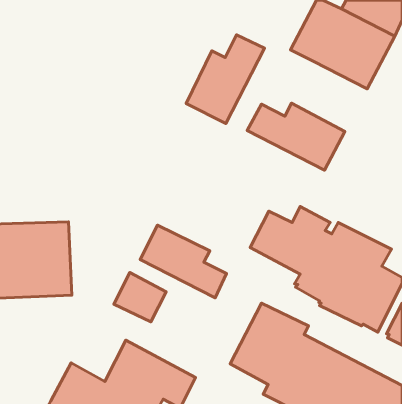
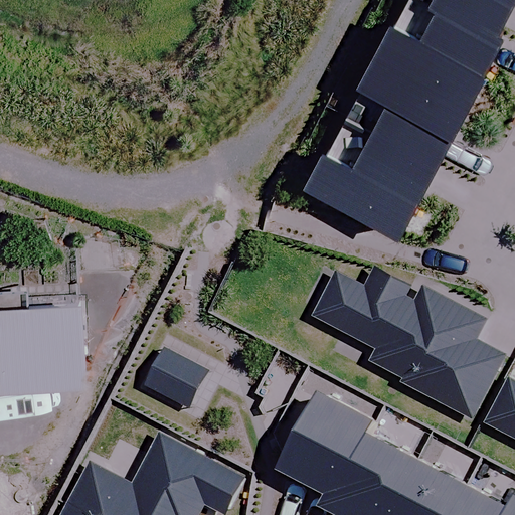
building: [186,35,265,124] -> none
building: none -> [363,87,458,174]
building: [140,225,227,298] -> none

